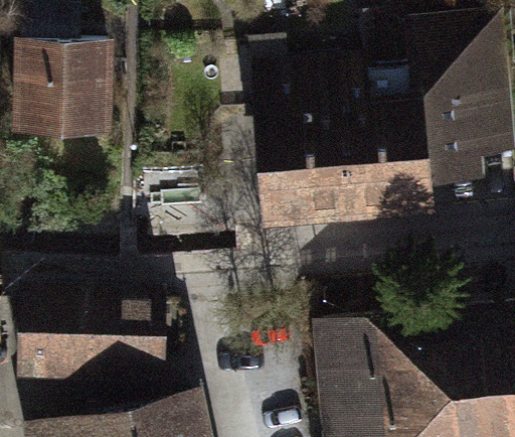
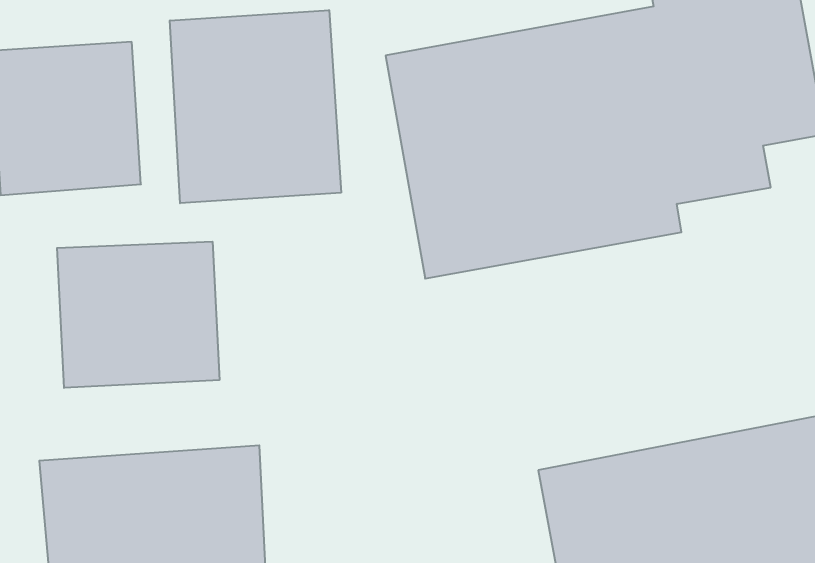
building: none -> [170,10,341,203]
building: none -> [57,242,219,388]

